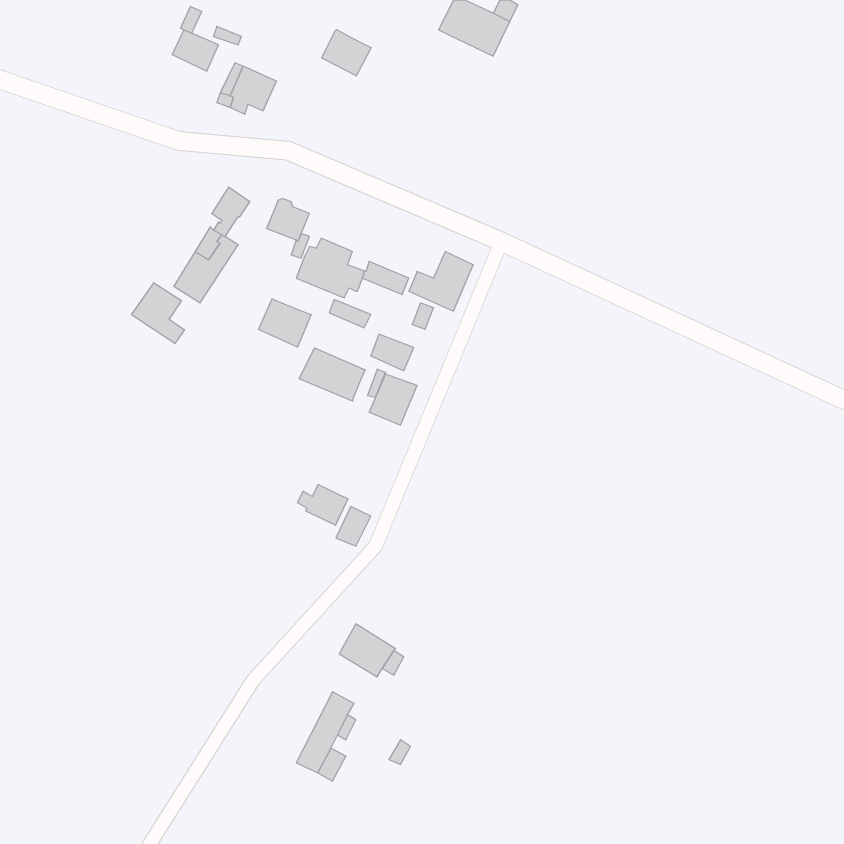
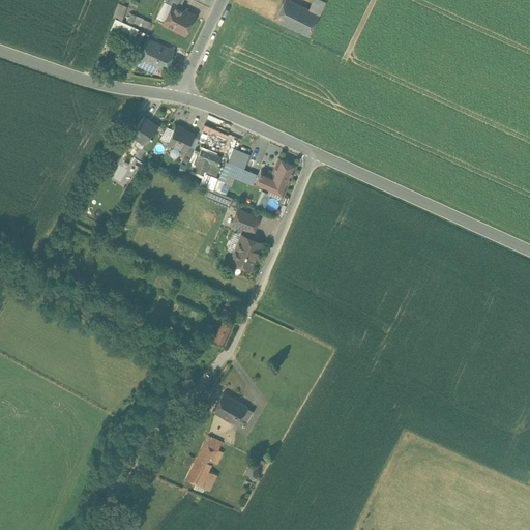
building: [322,30,371,76] -> [164,5,195,34]
building: [132,283,185,343] -> none
building: [259,299,311,347] -> none
building: [299,348,365,401] -> none
building: [298,485,348,525] -> none

